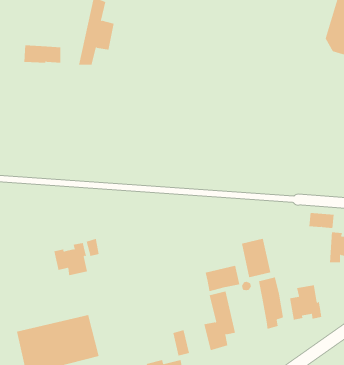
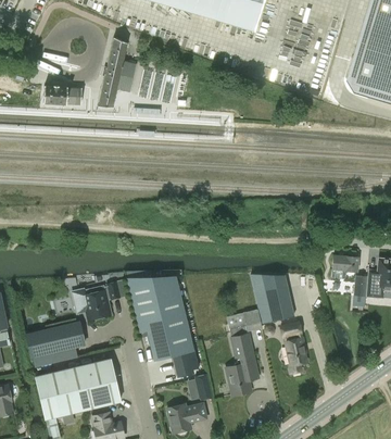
building: none -> [127,277,199,373]
building: none -> [25,322,85,358]
building: [290,284,322,320] -> none

